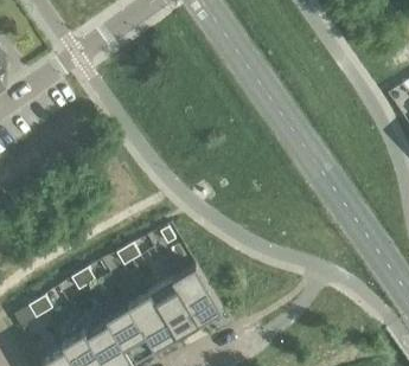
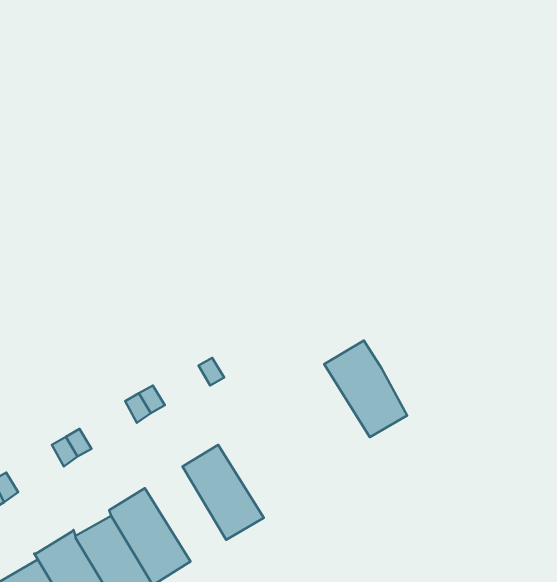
building: [171,265,221,323] -> [324,340,407,437]
building: [127,293,175,349] -> none

